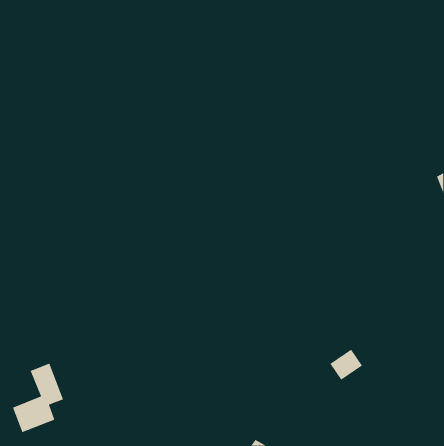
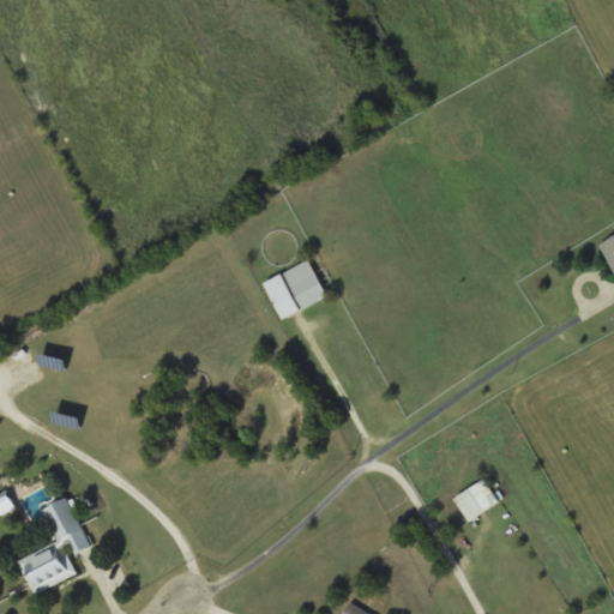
building: none -> [263,260,325,318]

